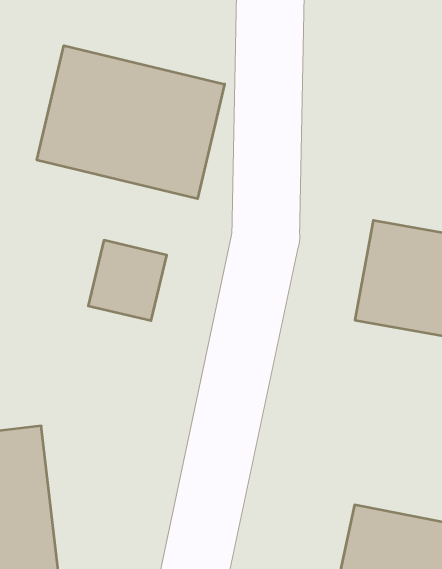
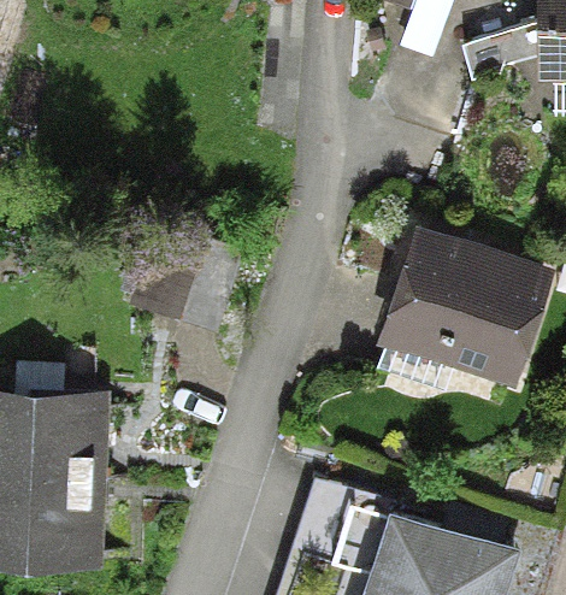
building: [37,46,225,199] -> none

